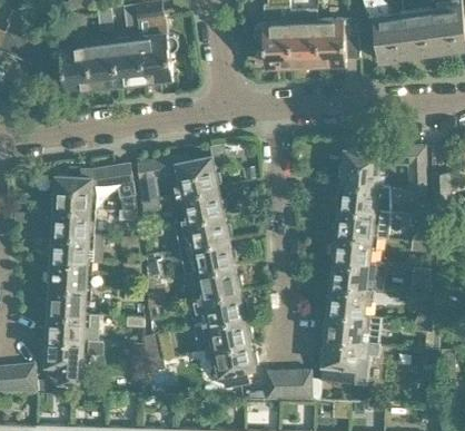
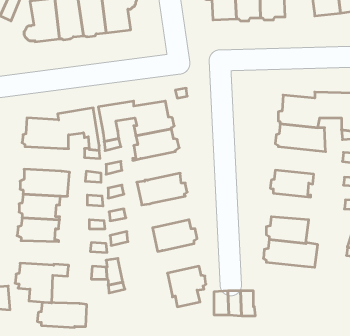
building: [48,208,96,236] -> none
building: [330,208,390,241] -> none
building: [174,214,229,248] -> none
building: [326,261,385,292] -> none
building: [192,264,240,298] -> none
building: [42,314,98,342] -> [37,303,87,327]
building: [194,317,250,353] -> none
building: [318,339,378,384] -> none

